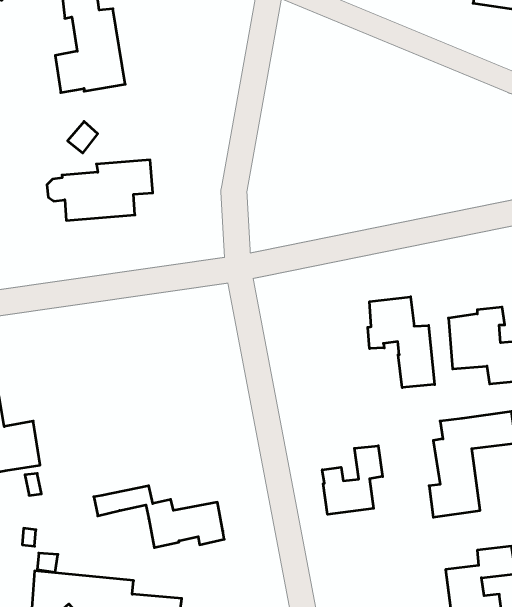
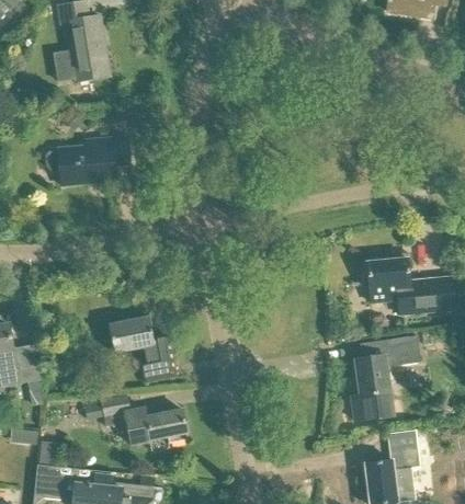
building: [368,297,435,388] -> none
building: none -> [109,314,177,381]
building: [322,446,383,514] -> none

